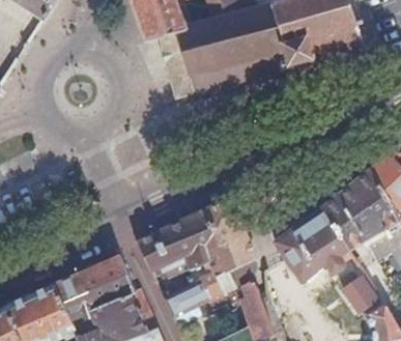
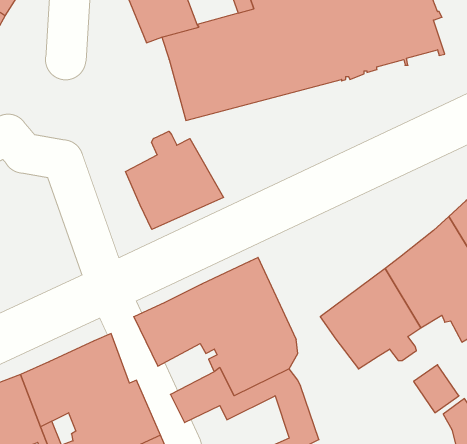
building: none -> [126,131,224,229]

